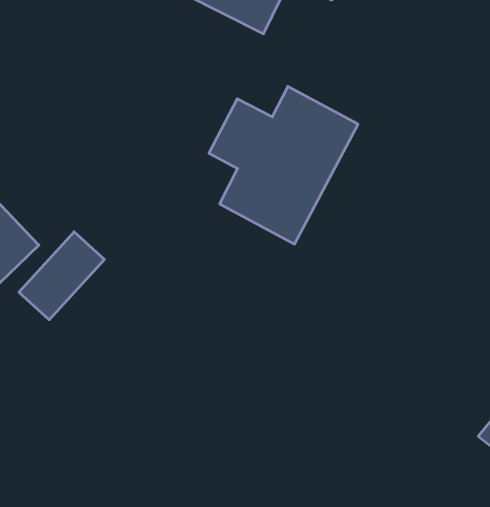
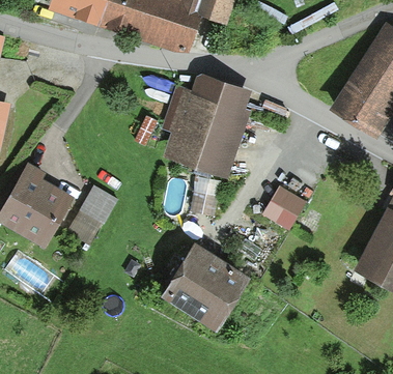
building: none -> [263,186,308,231]
building: none -> [171,246,250,320]

